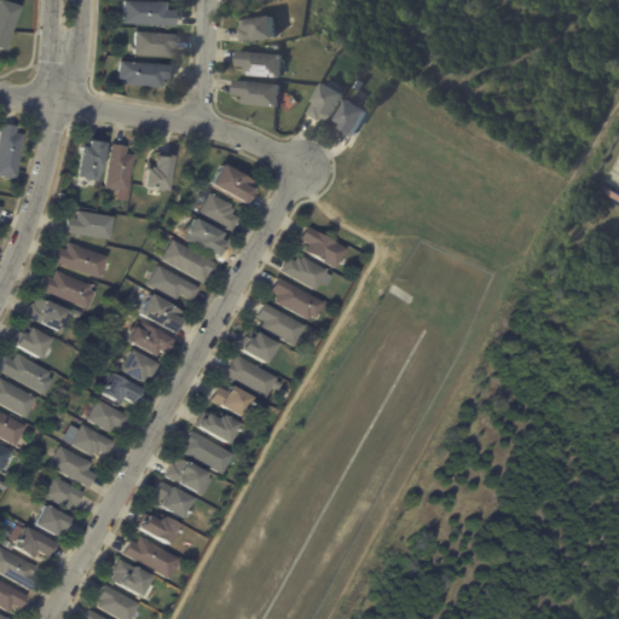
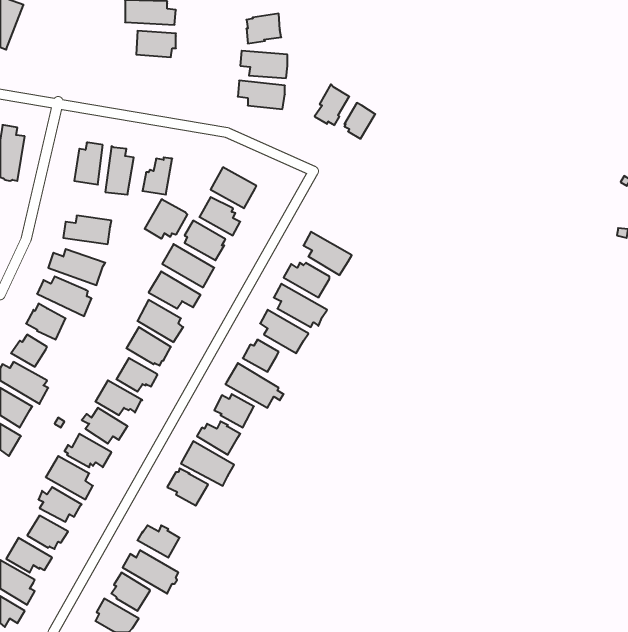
building: [121,60,173,86] -> none
building: none -> [145,199,187,239]
building: [157,480,192,517] -> none

